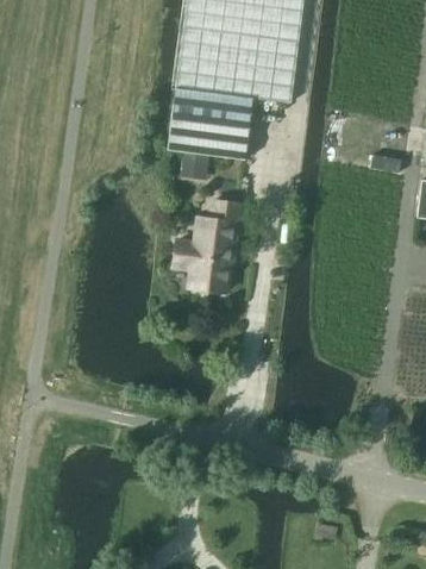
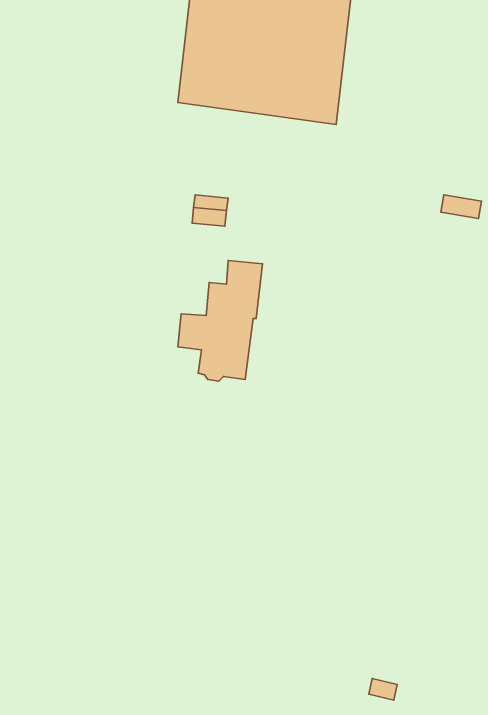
building: [167,87,255,158] -> none

